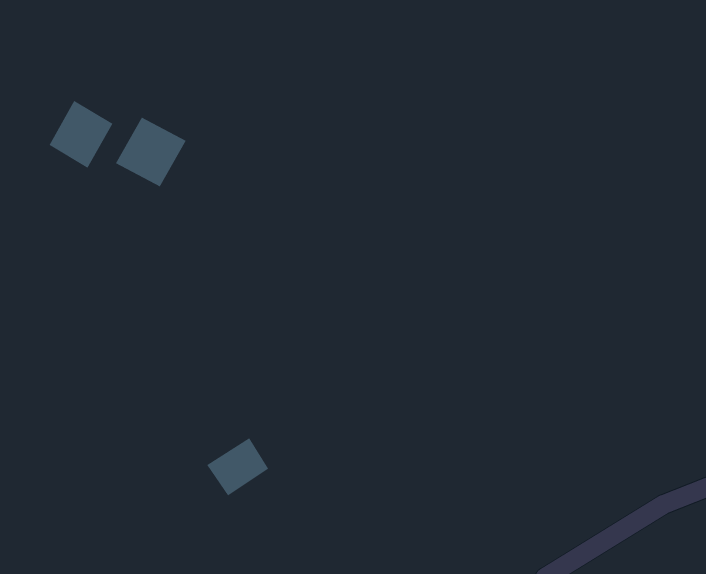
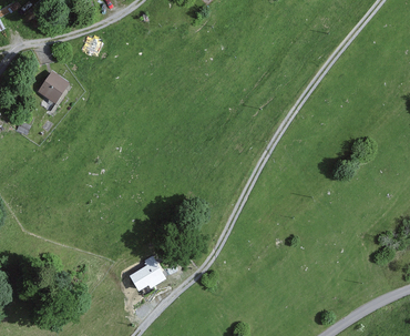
building: [115,116,187,188] -> none

